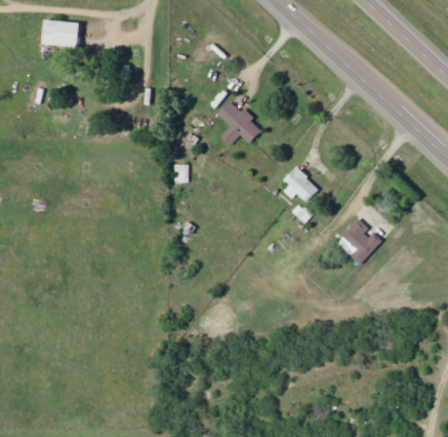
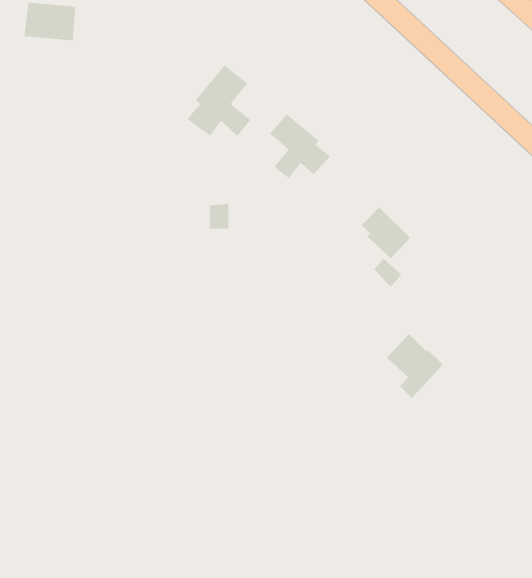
building: none -> [187,65,251,137]
building: [340,218,381,266] -> [386,333,443,399]

